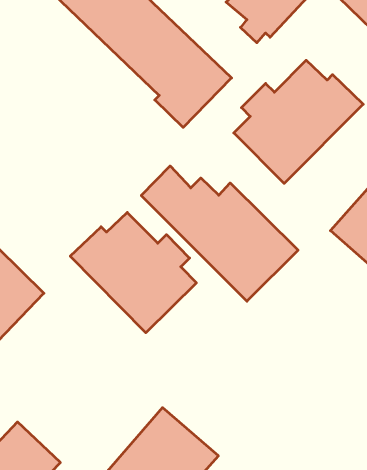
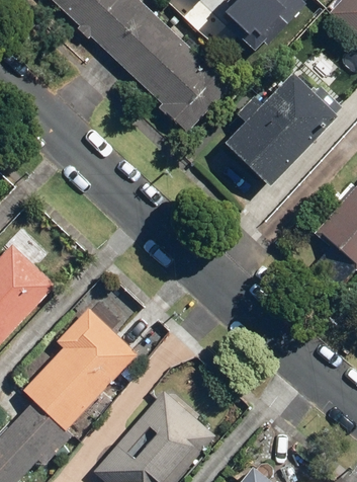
building: [141,166,298,301] -> none
building: [70,212,196,333] -> none
building: none -> [22,307,137,429]

